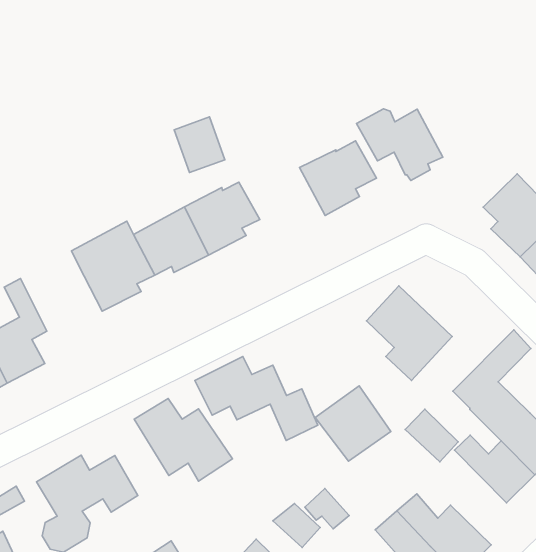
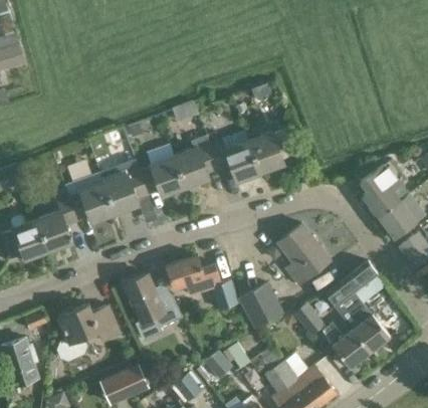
building: [357,109,443,181] -> [209,138,260,185]
building: none -> [64,174,113,223]

